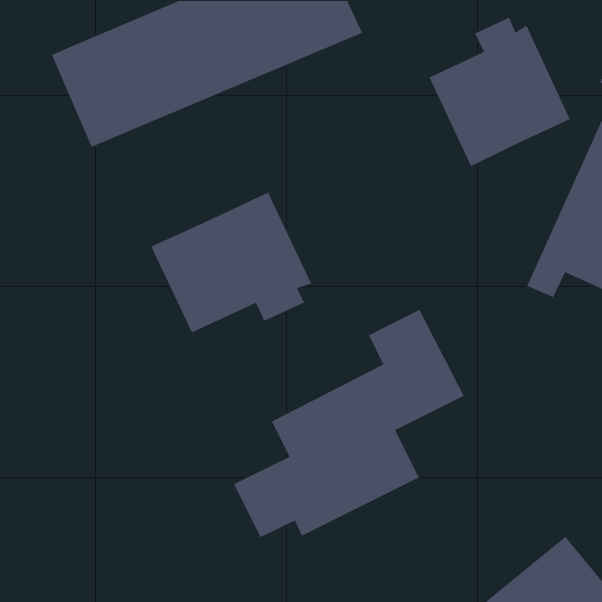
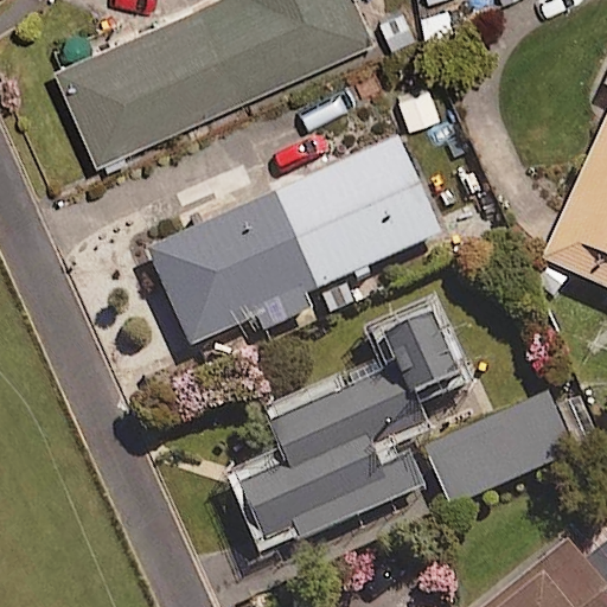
building: [428,17,571,167] -> none
building: none -> [271,135,442,287]
building: none -> [427,394,569,504]

